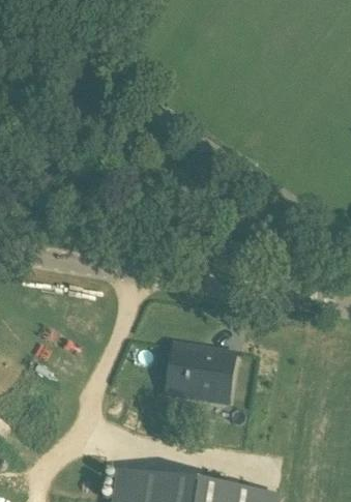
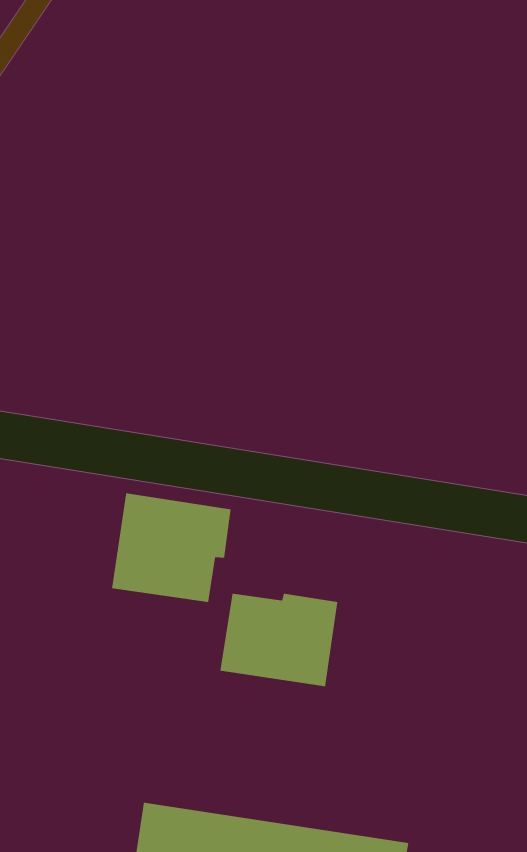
building: none -> [111,493,231,603]

